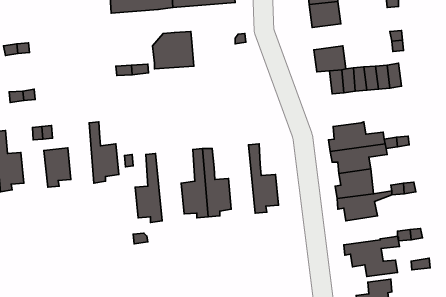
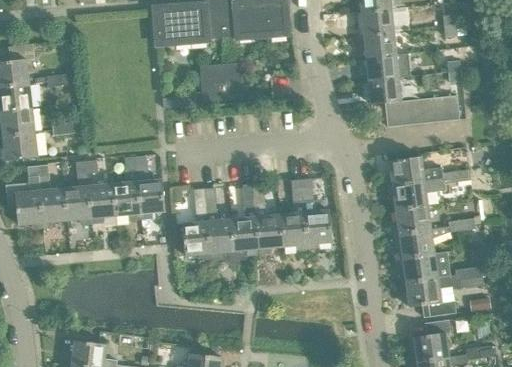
building: none -> [366,53,409,81]
building: none -> [112,157,139,221]
building: none -> [279,180,307,252]
building: none -> [63,186,91,225]
building: none -> [203,188,233,259]
building: none -> [397,254,437,284]

